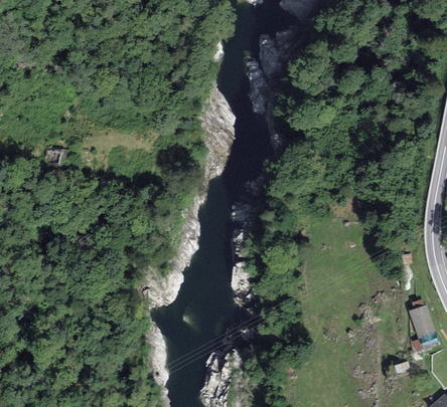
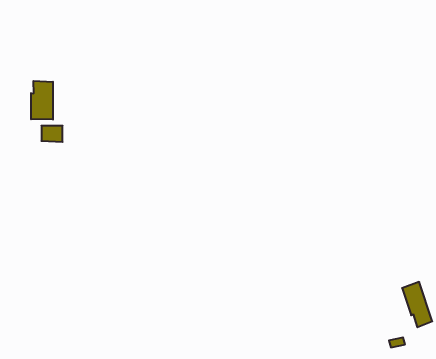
building: none -> [31,81,53,120]

